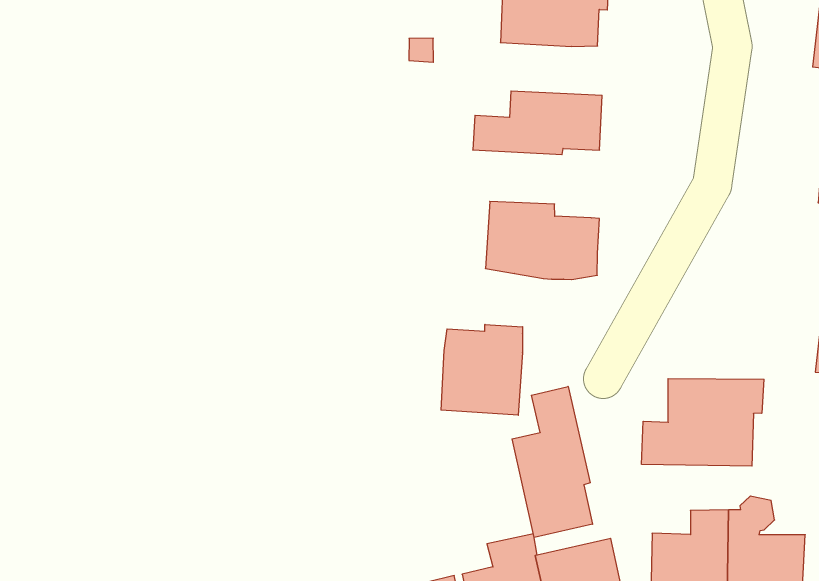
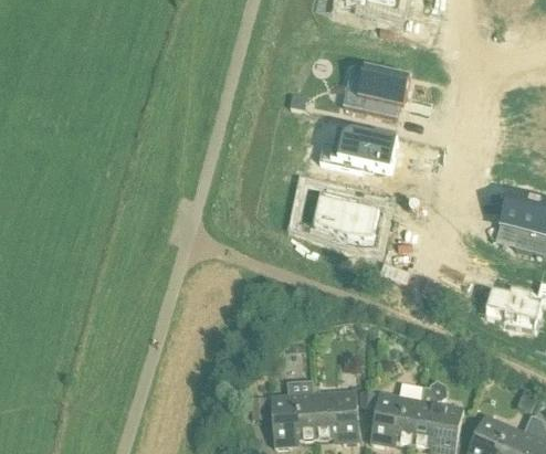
building: [441,324,523,415] -> none
building: [642,379,764,466] -> none
building: [512,386,593,537] -> none

